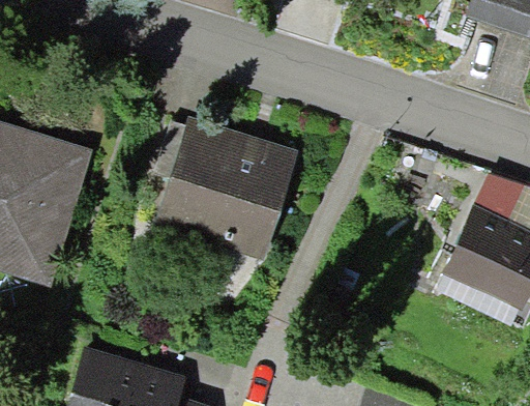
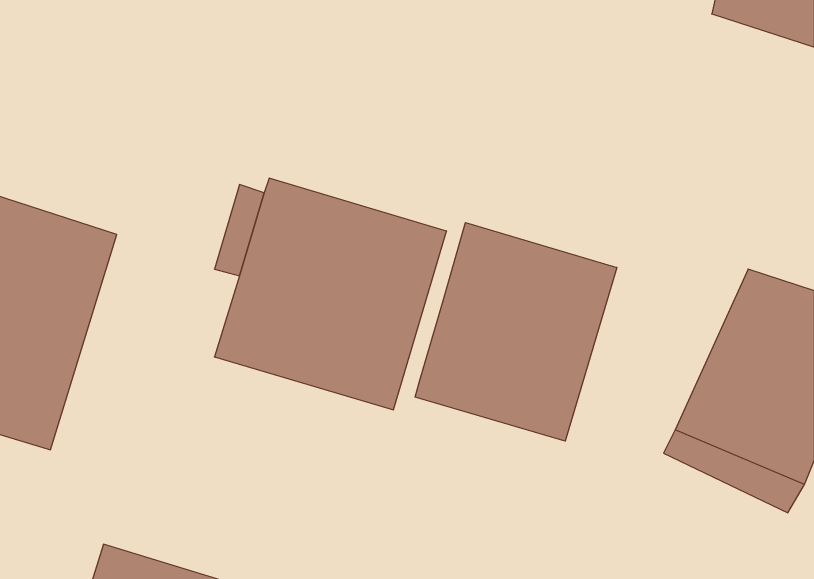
building: none -> [415,223,617,441]

